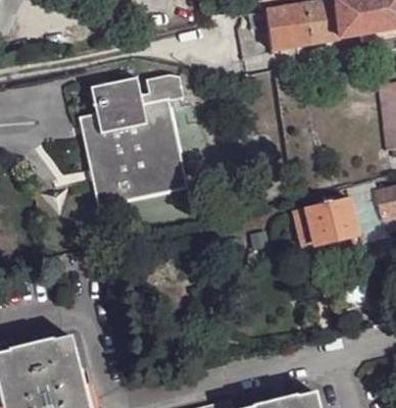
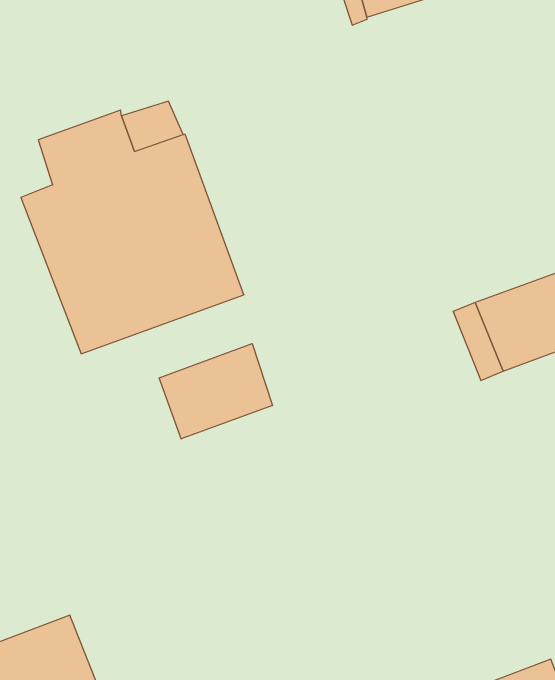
building: none -> [159,344,272,439]

